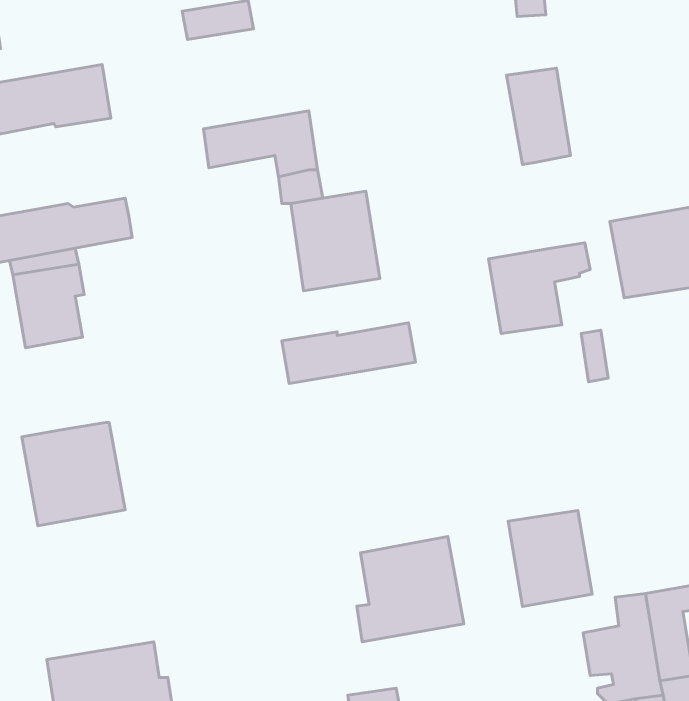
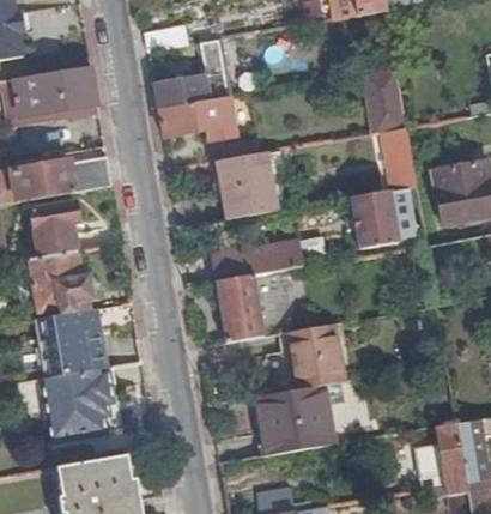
building: none -> [154,38,230,110]
building: none -> [382,128,416,191]
building: none -> [30,250,93,313]
building: none -> [217,270,291,343]
building: none -> [40,367,113,441]
building: [508,510,592,607] -> [287,325,344,389]

